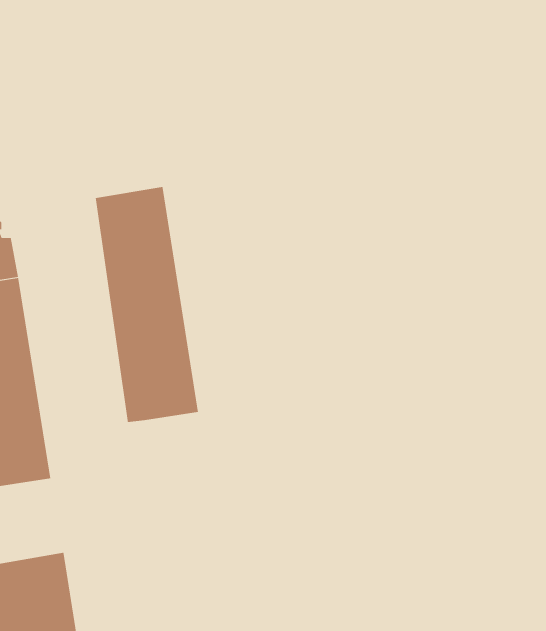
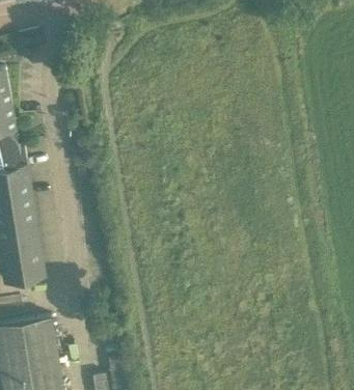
building: [95,186,199,423] -> none

